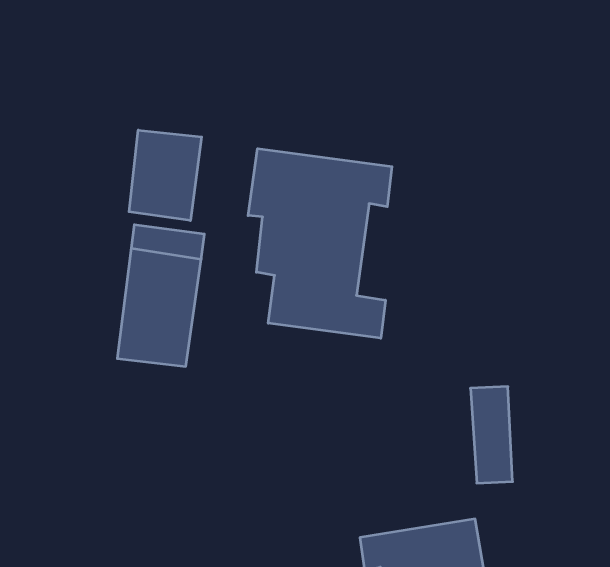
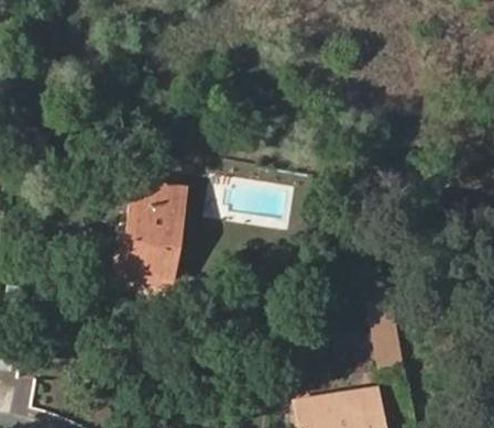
building: [129,130,202,221] -> none
building: [248,149,392,338] -> none

